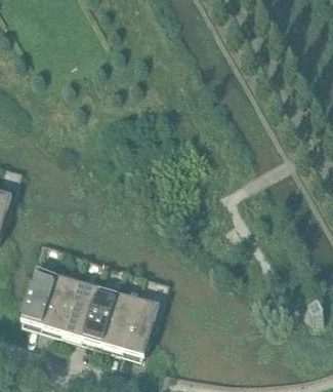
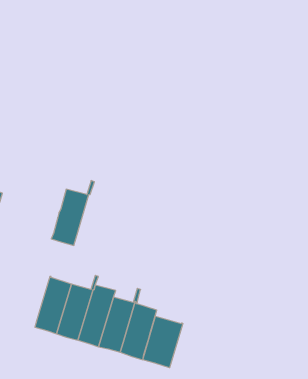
building: [20,261,61,322] -> [51,181,94,245]
building: none -> [143,316,183,368]

